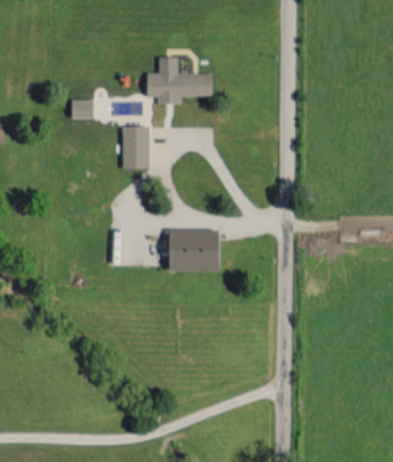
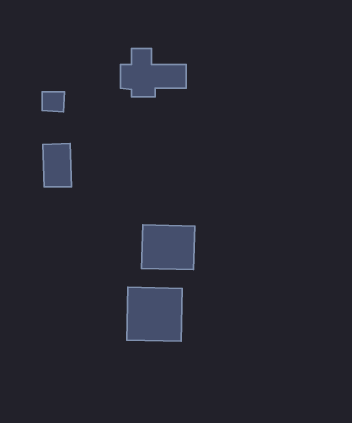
building: [122,126,150,168] -> [43,143,71,187]
building: none -> [127,287,182,341]

